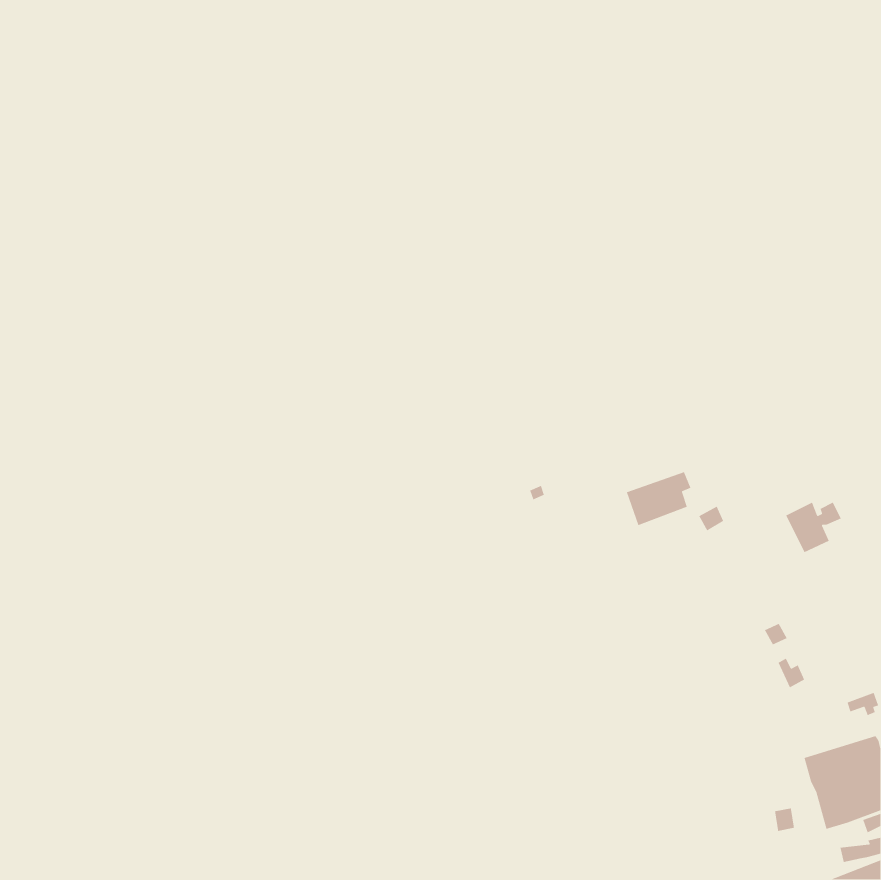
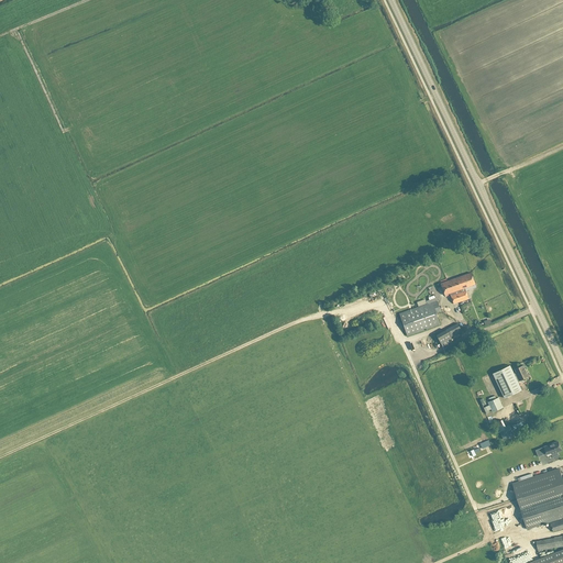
building: none -> [440,272,475,302]
building: [785,501,842,553] -> [493,364,529,397]

